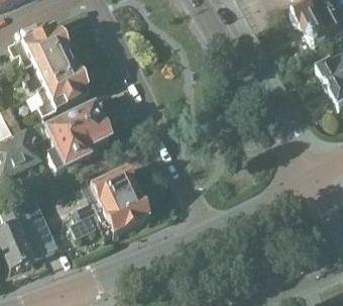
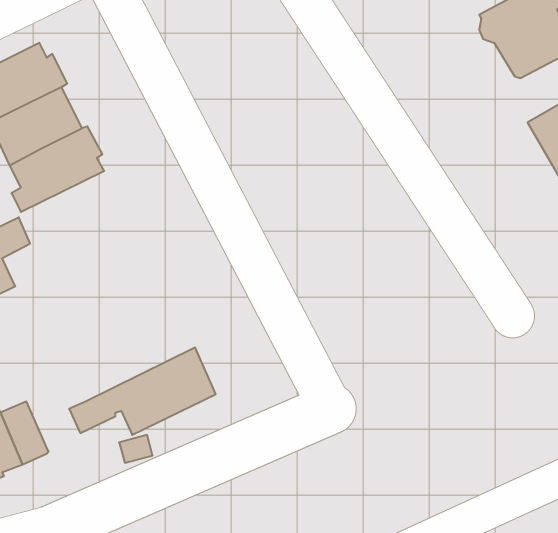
building: [42,105,109,171] -> none
building: [74,166,138,220] -> none

